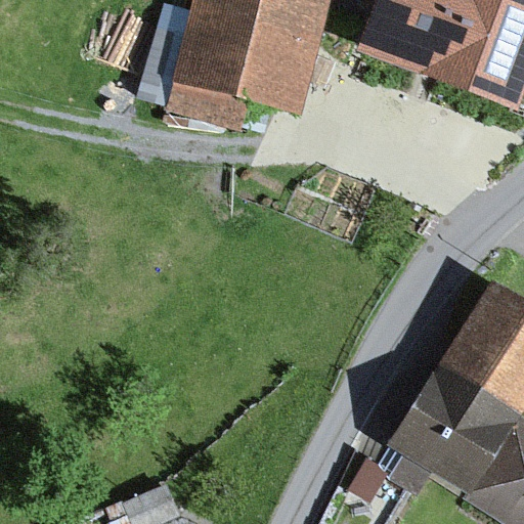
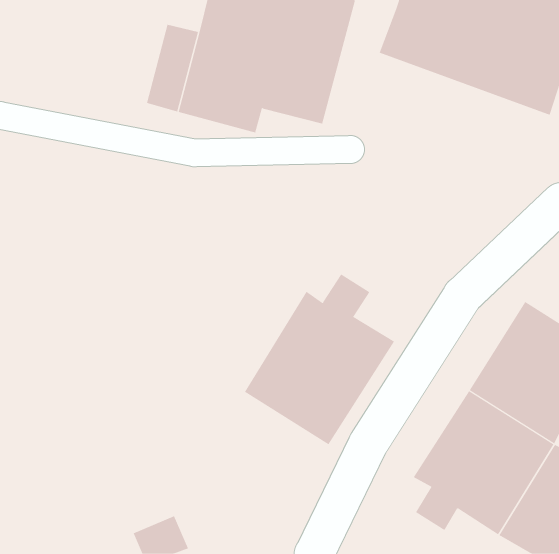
building: none -> [244,274,395,445]

